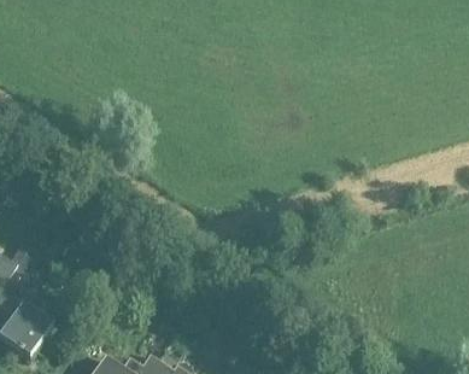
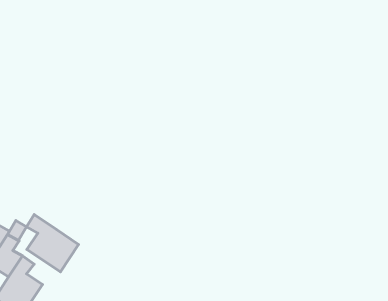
building: none -> [27,214,78,272]

